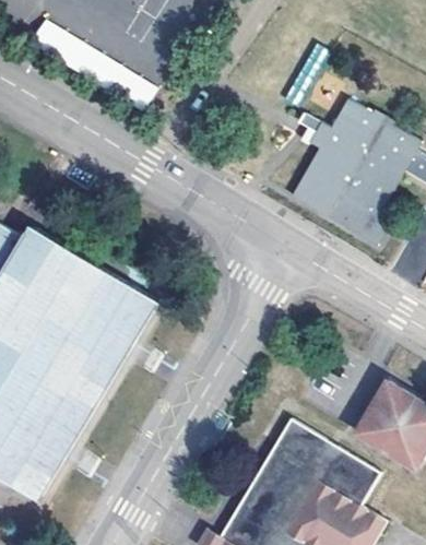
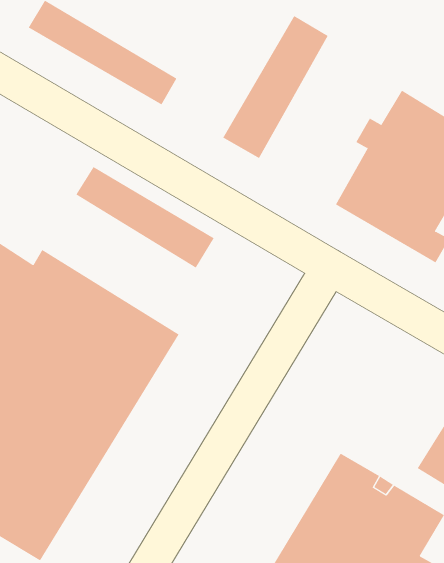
building: none -> [223,15,328,159]
building: none -> [76,166,214,269]

